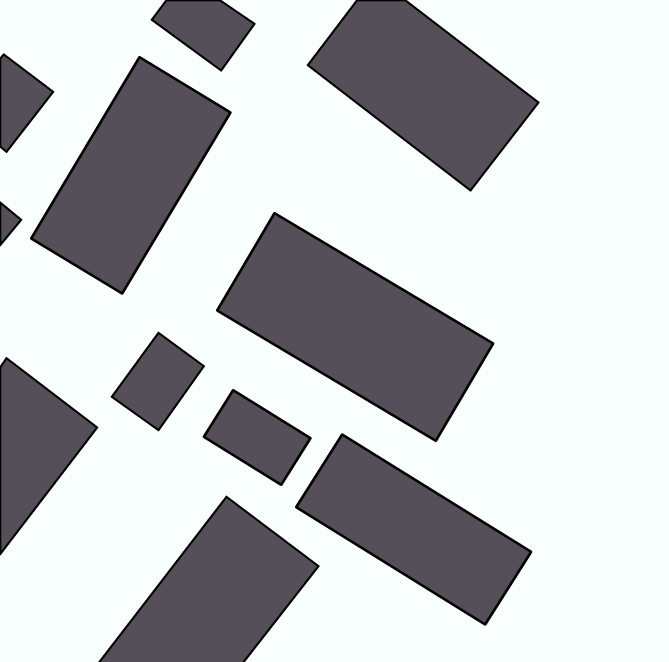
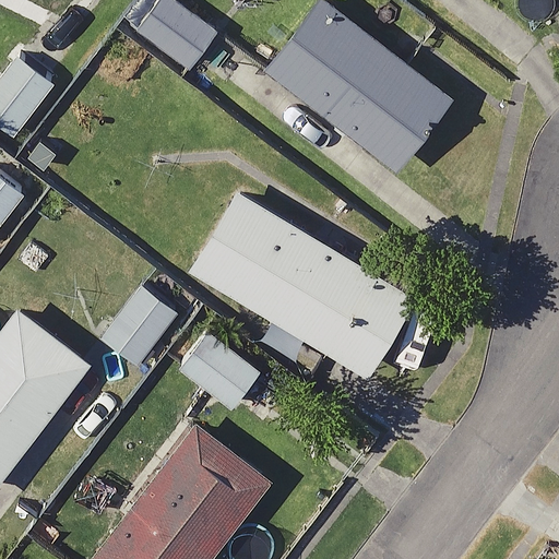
building: [31,57,230,294] -> none
building: [296,435,531,625] -> none

